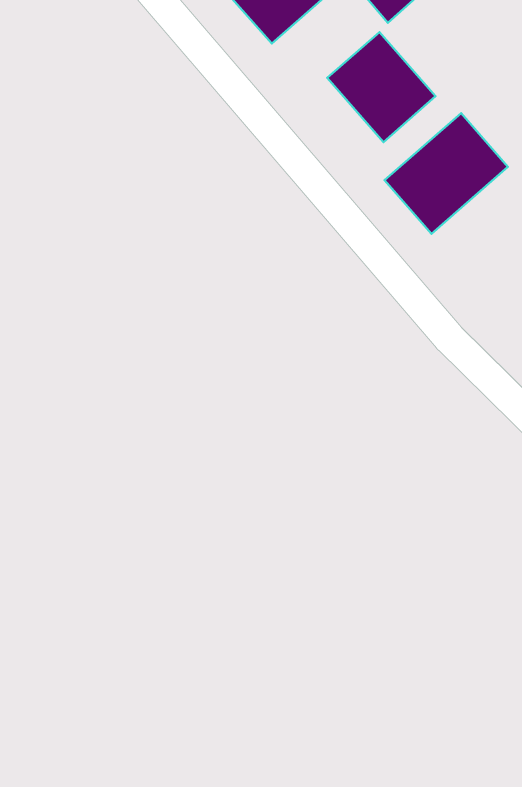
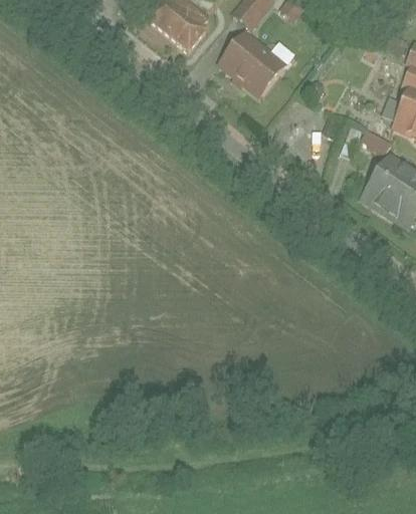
building: [384,113,508,234] -> none

